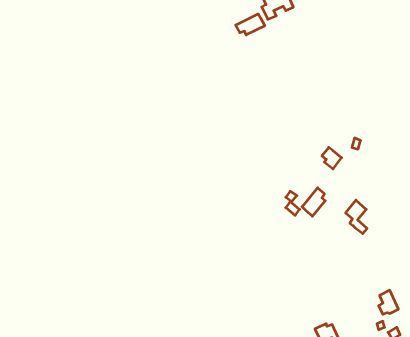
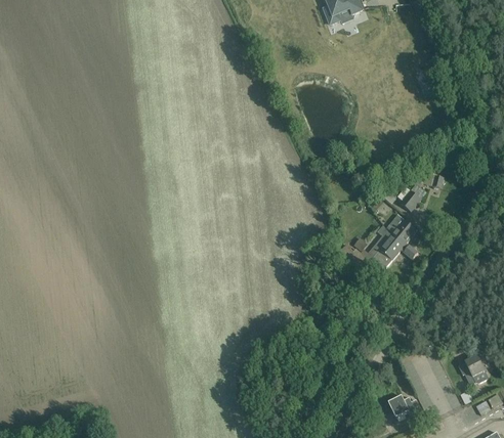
building: [236,14,265,35] -> none
building: [346,200,367,234] -> [391,216,417,256]

